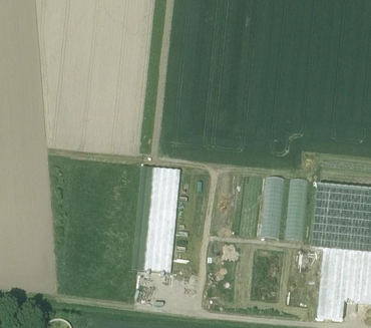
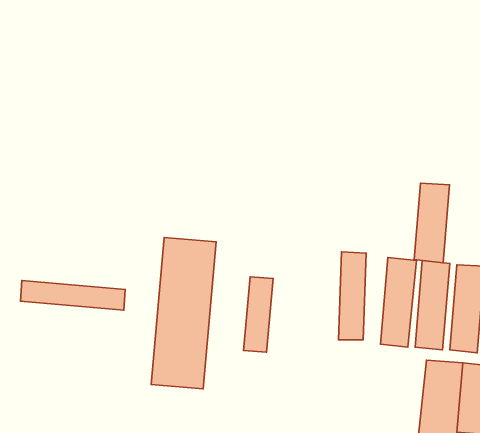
building: none -> [414,183,450,263]
building: none -> [244,277,273,352]
building: none -> [21,280,125,310]

